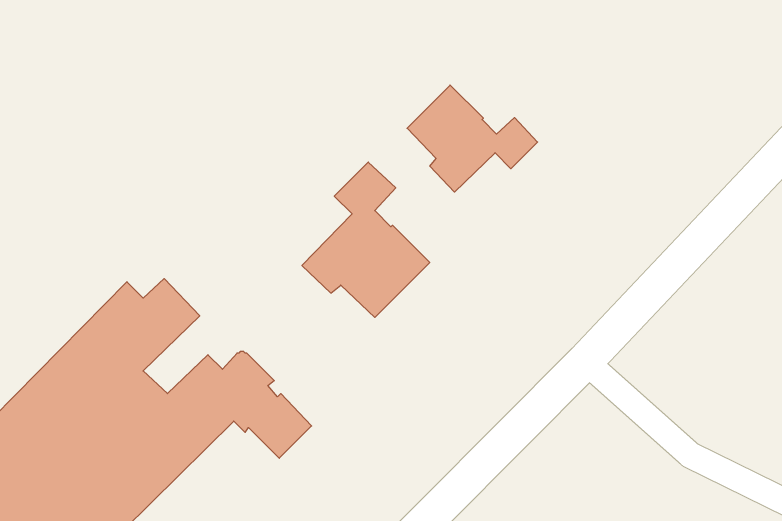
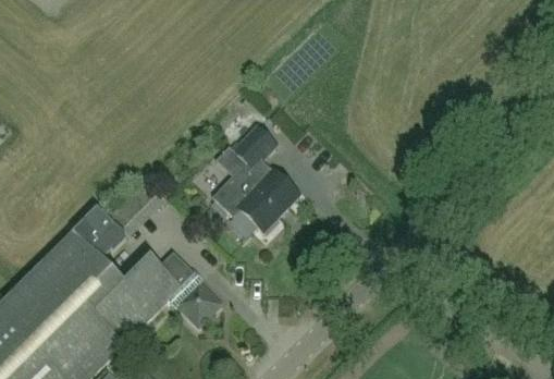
building: [407,85,538,192] -> none

